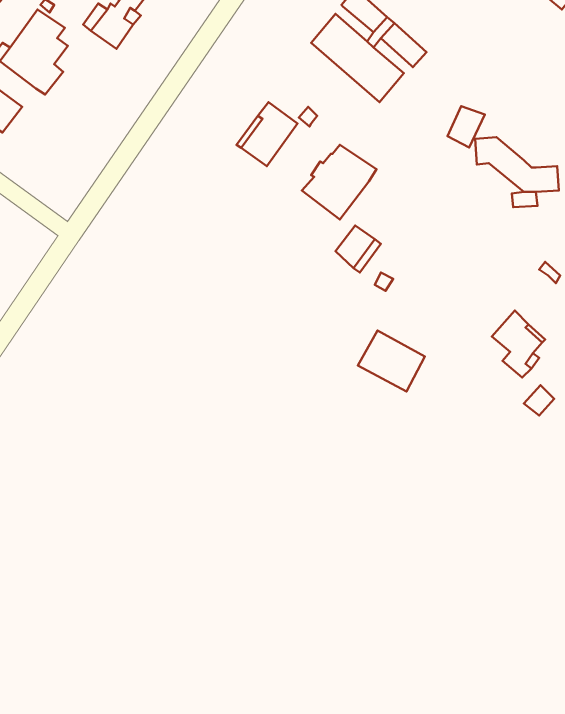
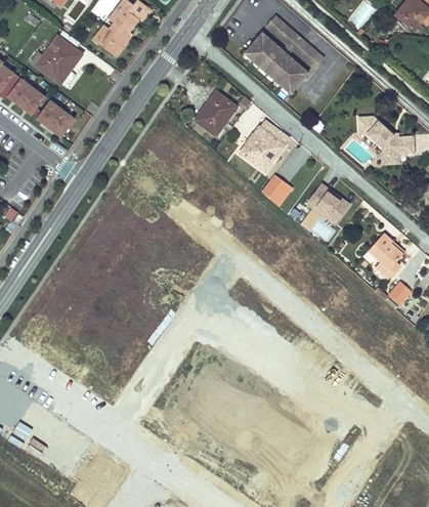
building: [447,106,485,147] -> none
building: none -> [43,100,80,134]
building: [358,331,425,392] -> [305,183,350,224]

